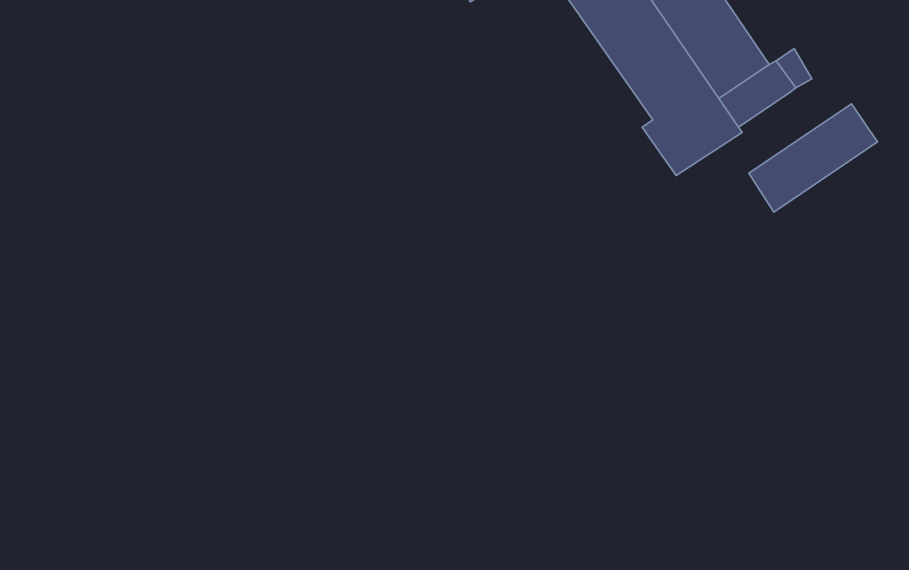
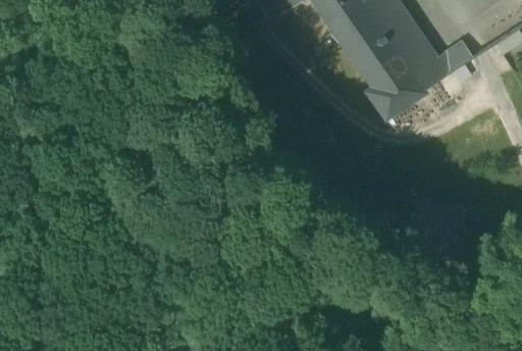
building: [749,104,877,212] -> none

